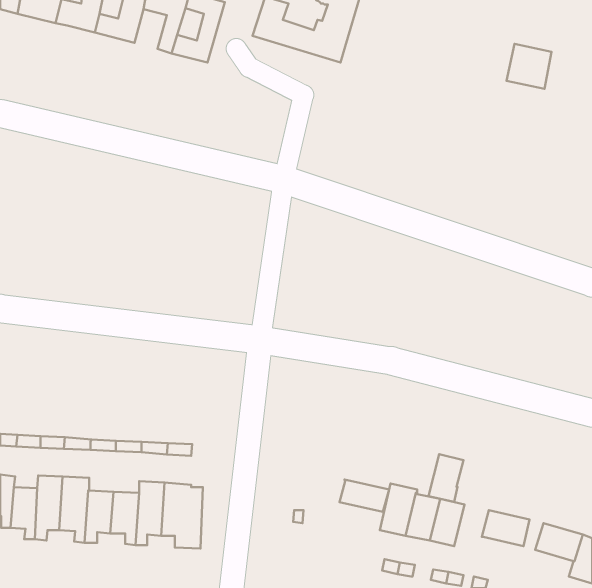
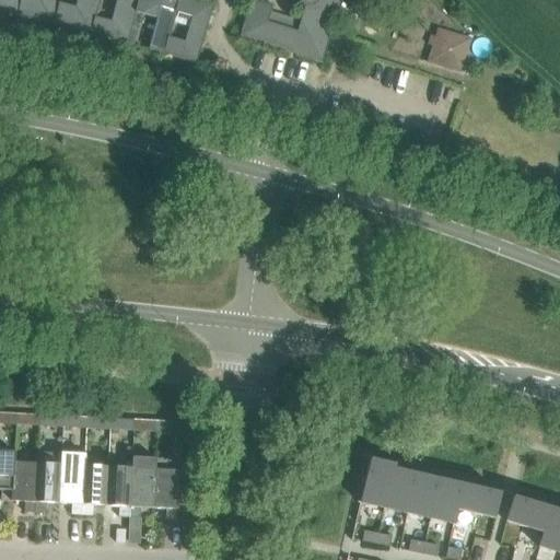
building: [506,44,552,89] -> [425,25,468,68]
building: [429,454,463,502] -> [429,476,462,521]
building: [339,480,389,512] -> none

